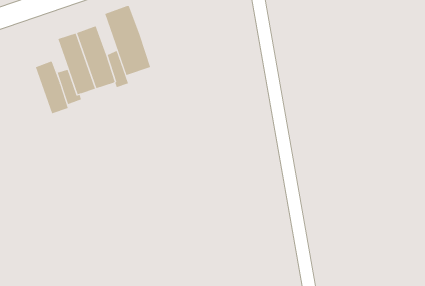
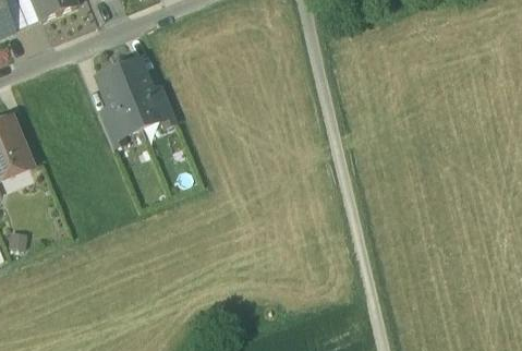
building: [105,5,151,76] -> none
building: [35,61,69,114] -> none

